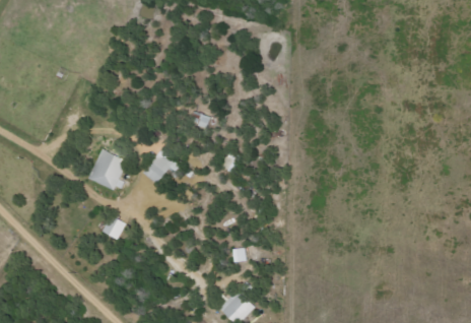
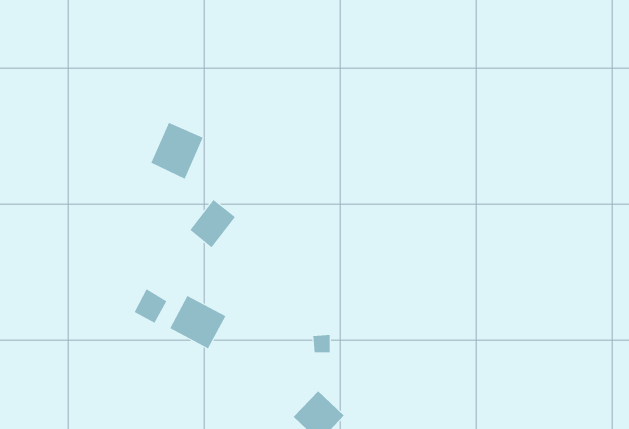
building: [88,148,127,190] -> [150,122,203,180]
building: none -> [169,295,226,349]

